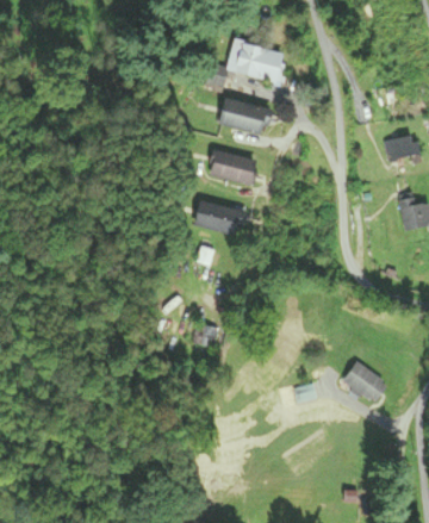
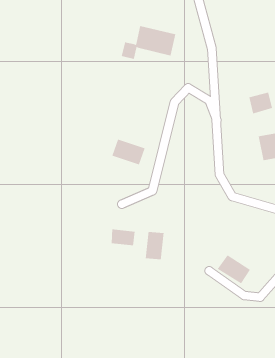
building: [219,98,267,133] -> none
building: [210,150,256,183] -> none
building: none -> [145,231,164,260]

